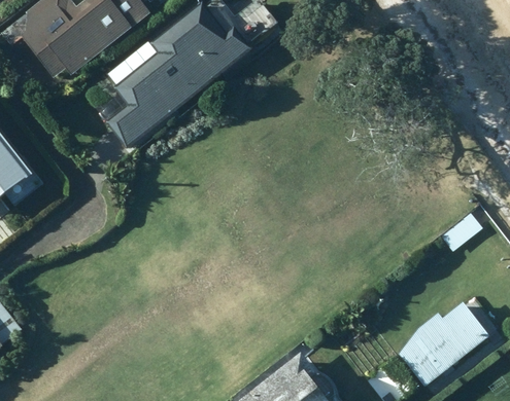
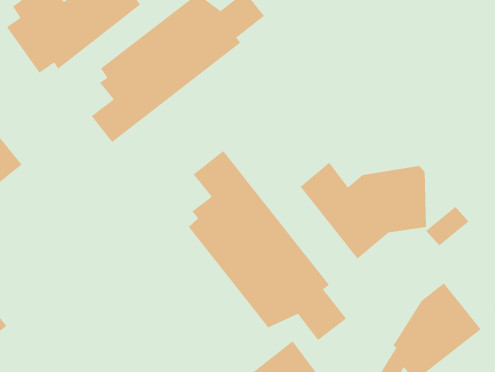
building: none -> [188,150,347,341]
building: none -> [300,162,427,259]

